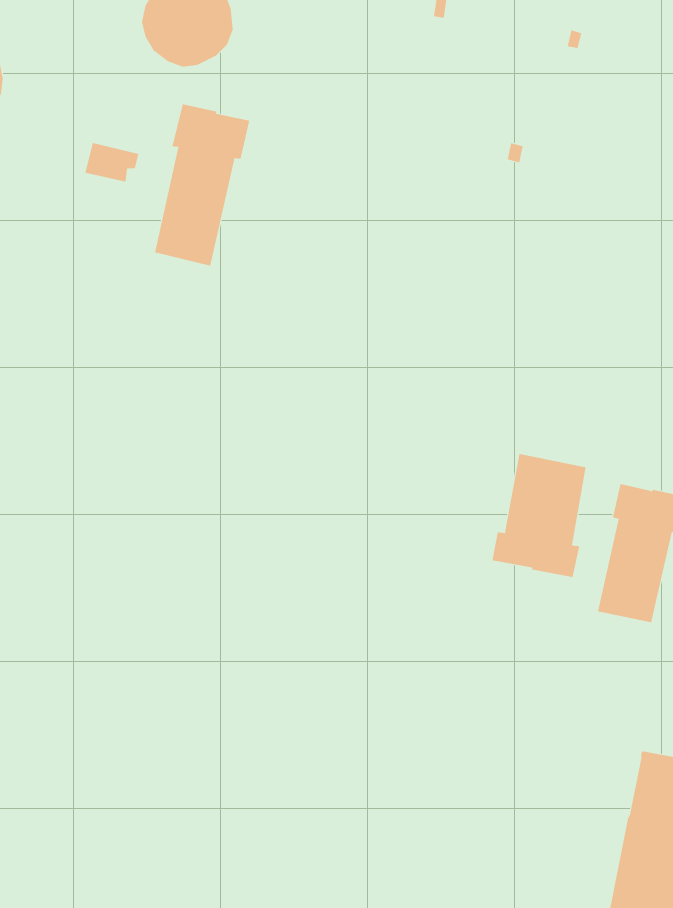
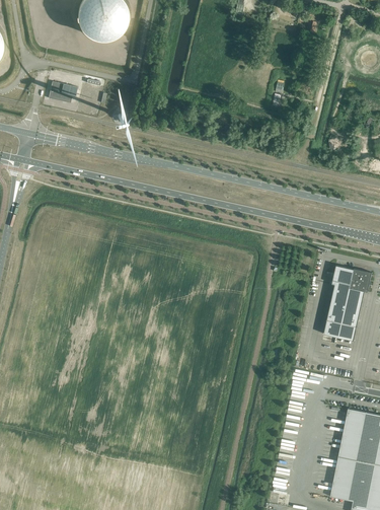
building: [155,103,250,266] -> none
building: [492,453,586,578] -> none

